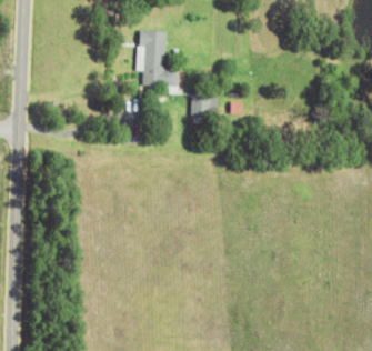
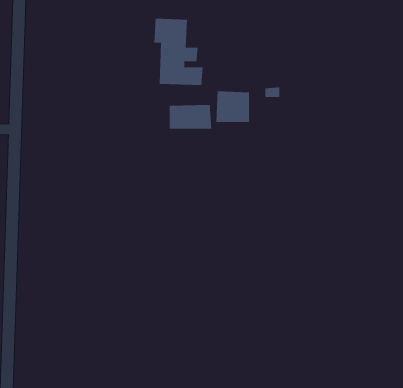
building: none -> [169,104,212,130]

